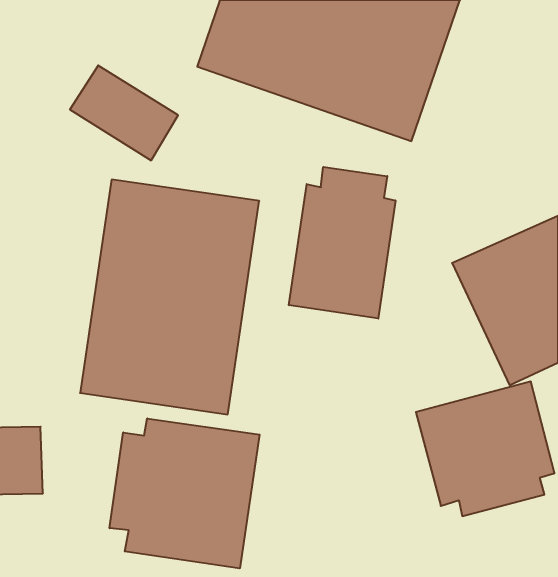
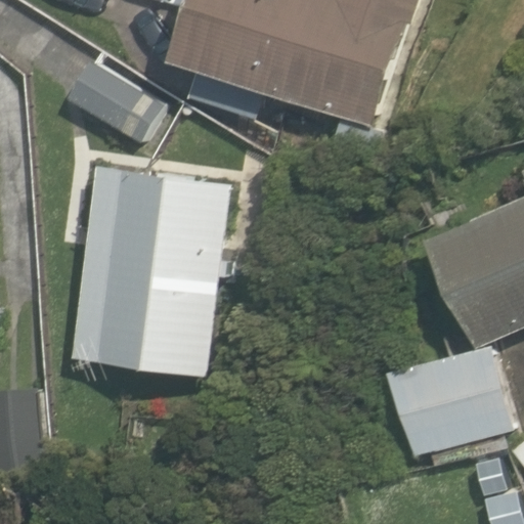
building: [289,167,395,319] -> none
building: [110,418,260,568] -> none

